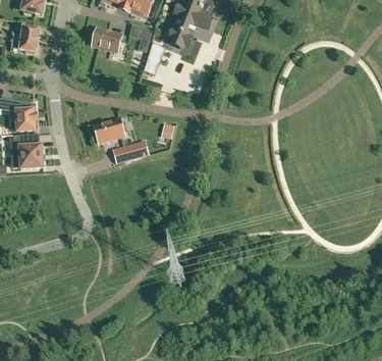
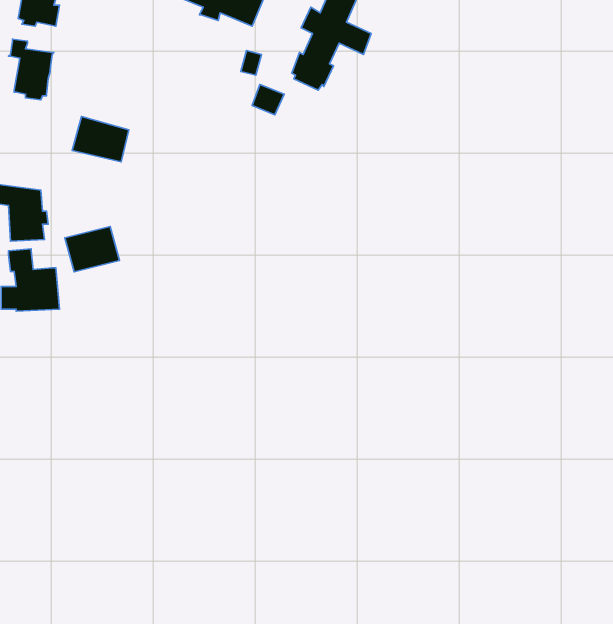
building: [92,28,122,52] -> [72,116,129,162]
building: [95,118,124,143] -> [65,226,120,272]
building: [113,141,149,163] -> none

